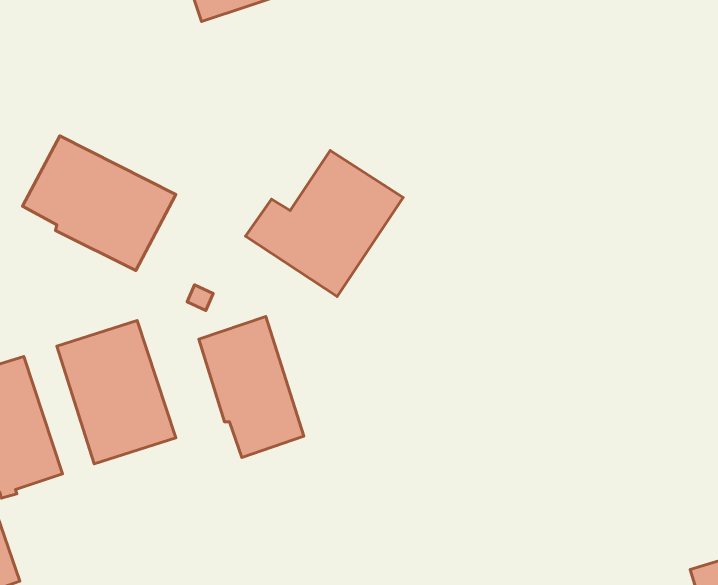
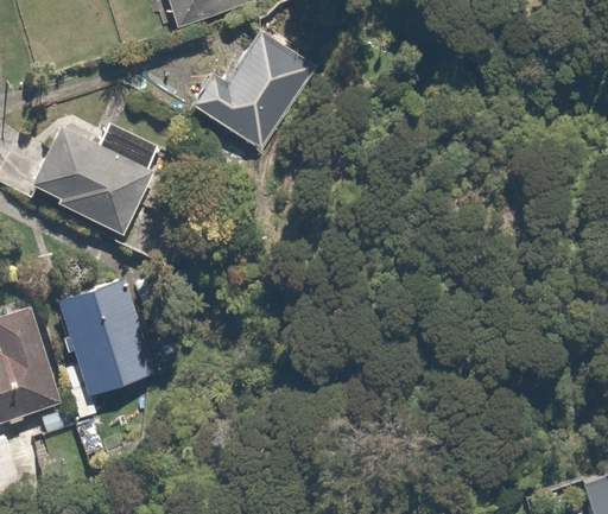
building: [246,150,403,296] -> [186,27,317,148]
building: [199,316,304,457] -> none

